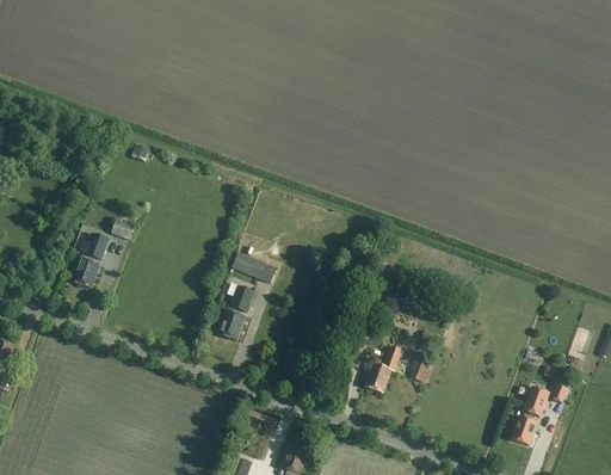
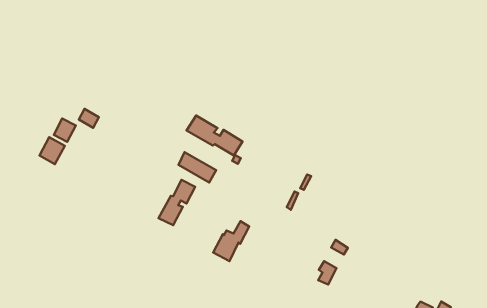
building: none -> [186,115,243,156]
building: [363,344,400,391] -> [213,221,249,261]

